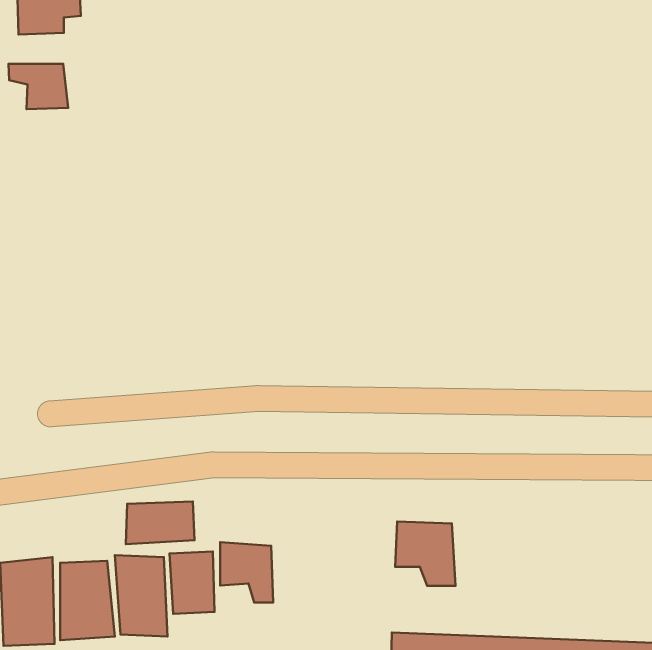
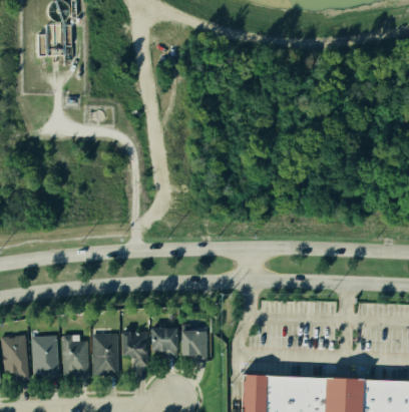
building: [9,64,68,109] -> none
building: [126,502,194,544] -> none
building: [395,522,456,586] -> [179,330,212,364]

